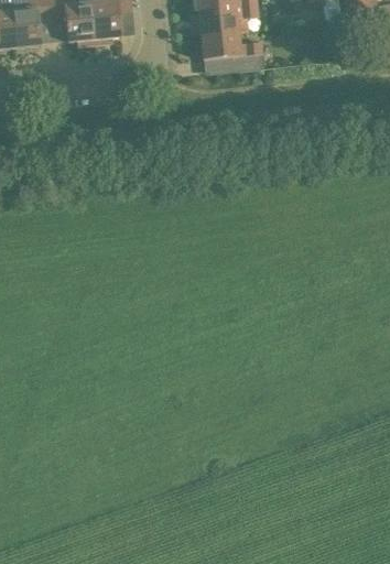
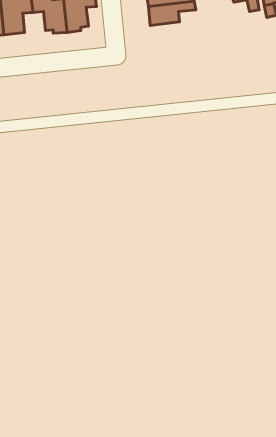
building: [201,29,263,69] -> none

